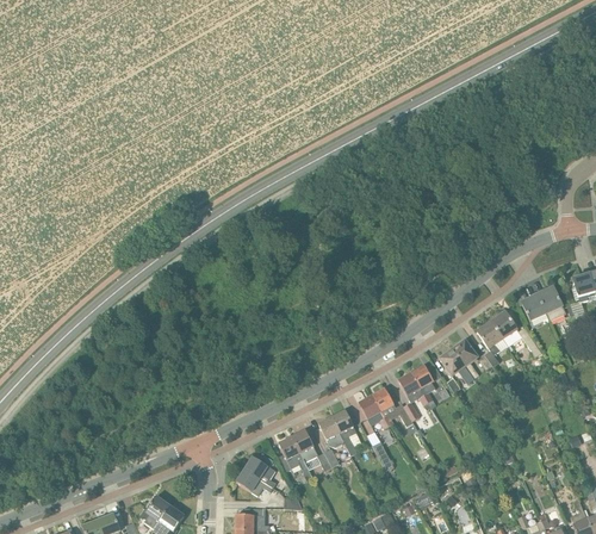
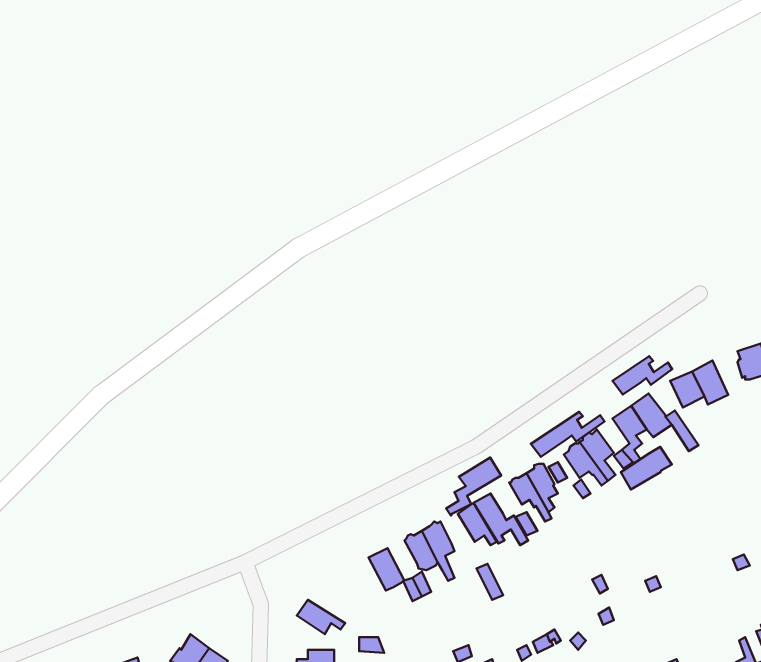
building: none -> [612,356,672,394]
building: none -> [531,412,605,457]
building: none -> [621,447,672,489]
building: none -> [446,458,501,515]
building: [278,436,306,471] -> none
building: [244,452,283,491] -> none

